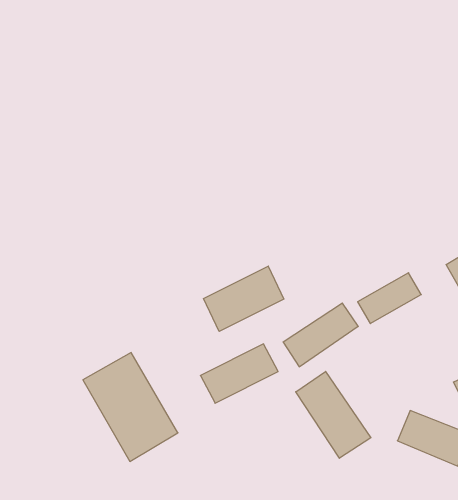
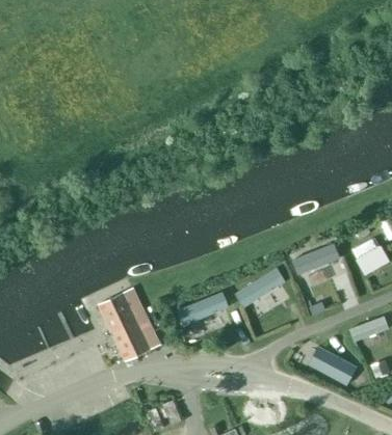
building: [204,266,284,331] -> none
building: [296,371,371,458] -> none

